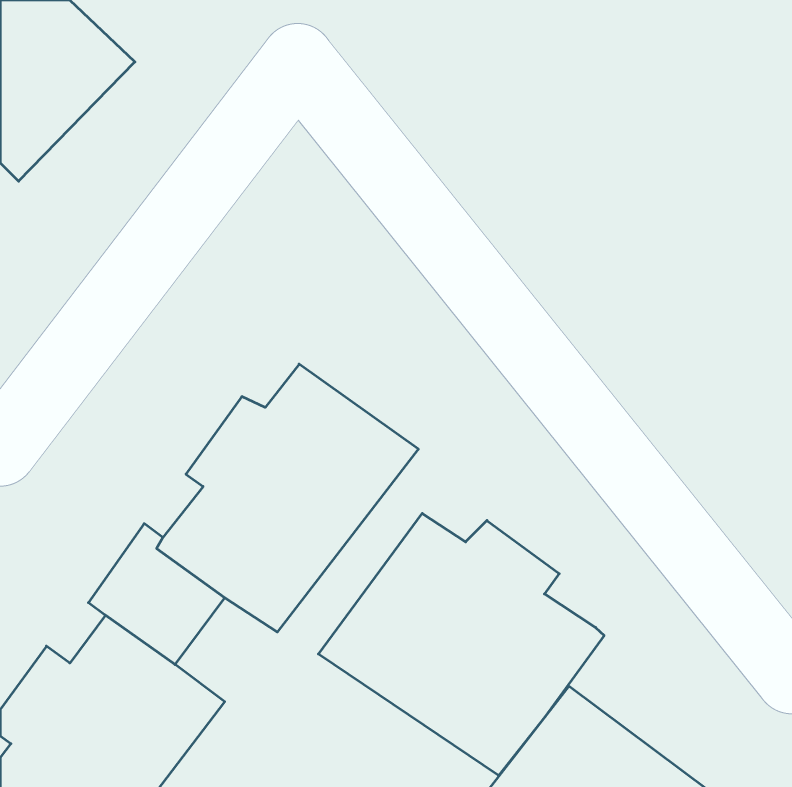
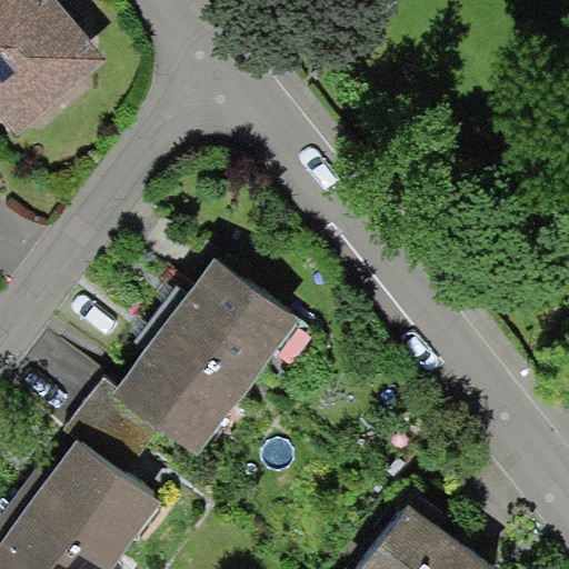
building: [318,513,604,775] -> none

